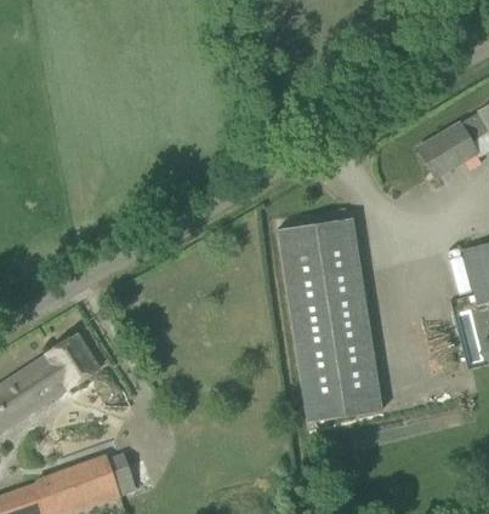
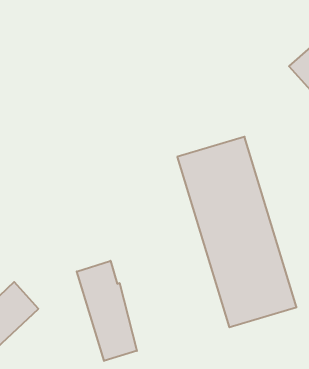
building: none -> [77,261,137,361]

